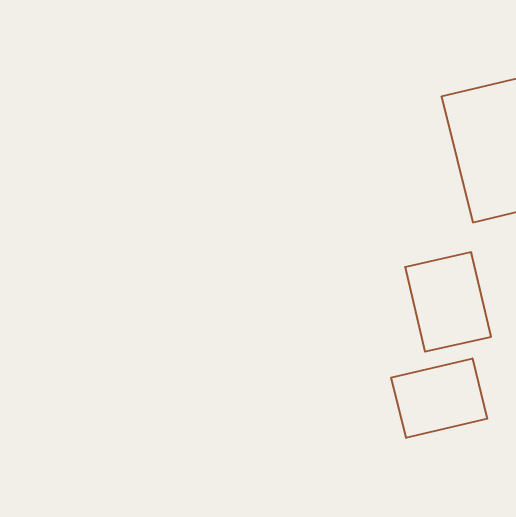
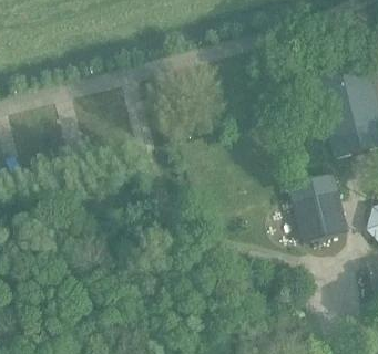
building: [391,358,487,438] -> none

